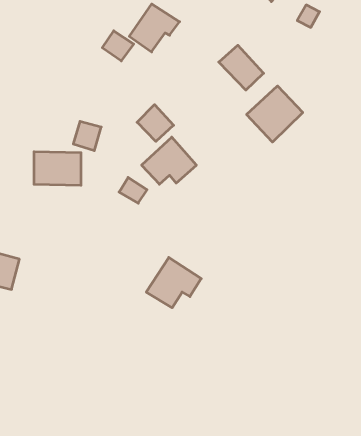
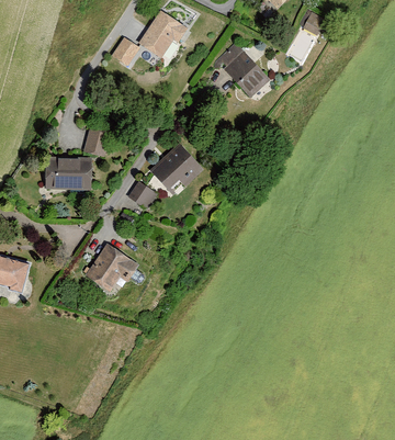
building: [247,86,303,142] -> none
building: [137,105,174,141] -> none
building: [146,257,201,308] -> [83,242,137,292]

